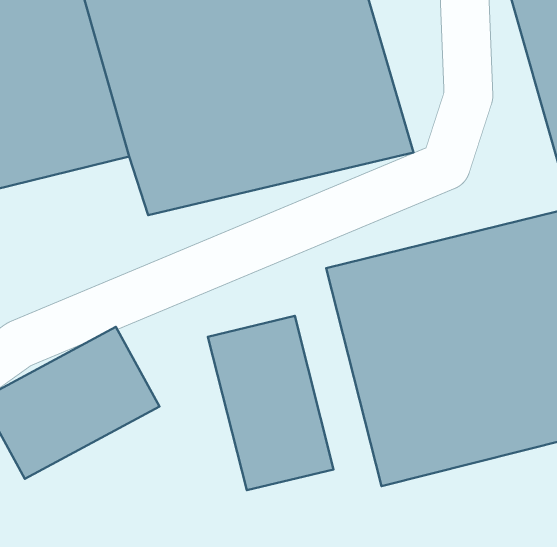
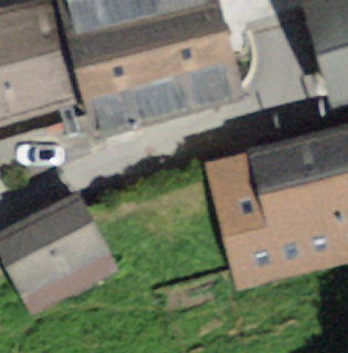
building: [208,316,333,490] -> none

